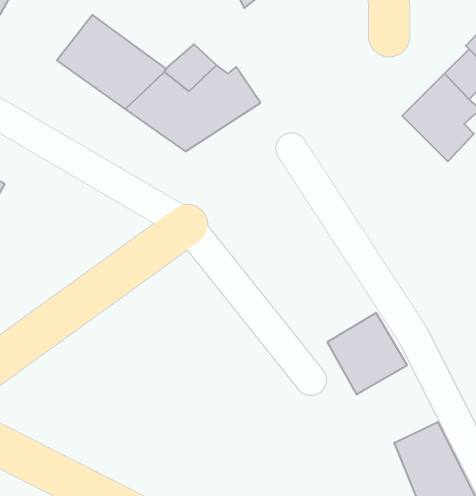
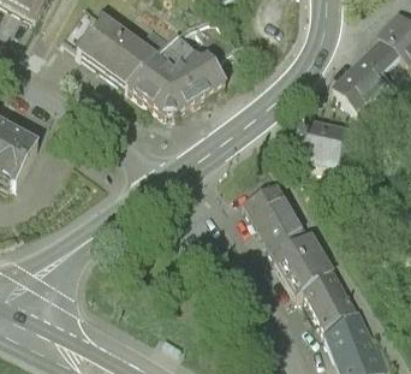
building: none -> [304,119,352,167]
building: none -> [243,178,311,254]
building: none -> [303,271,357,328]

